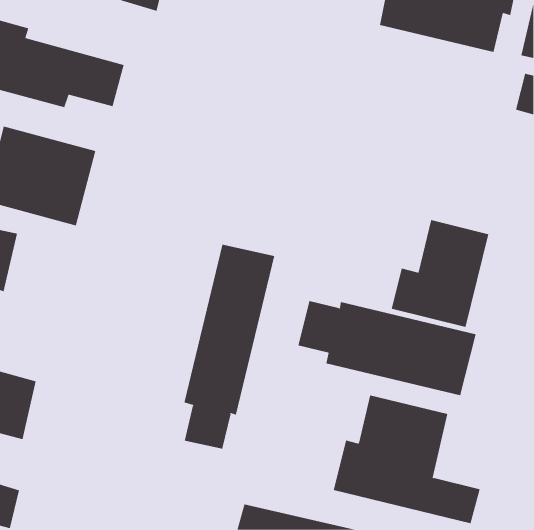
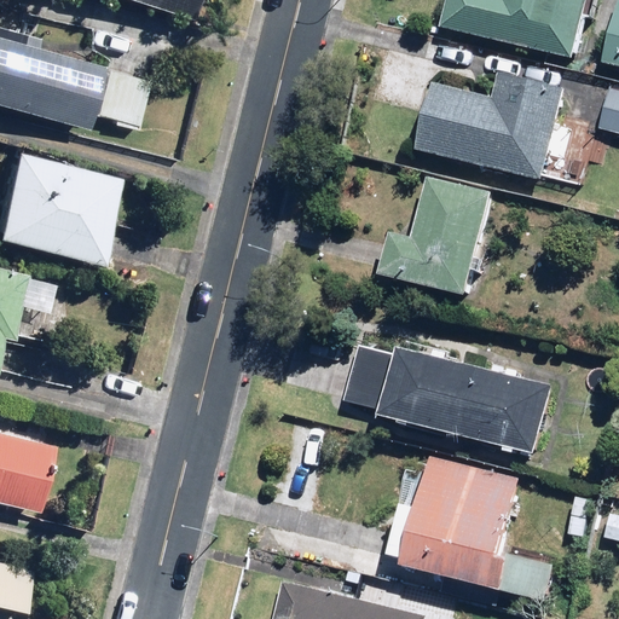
building: none -> [416,74,571,179]
building: [391,220,489,328] -> [380,177,493,301]
building: [184,244,275,450] -> none

